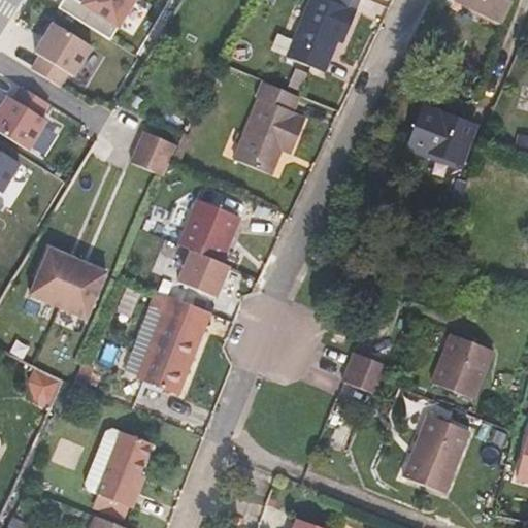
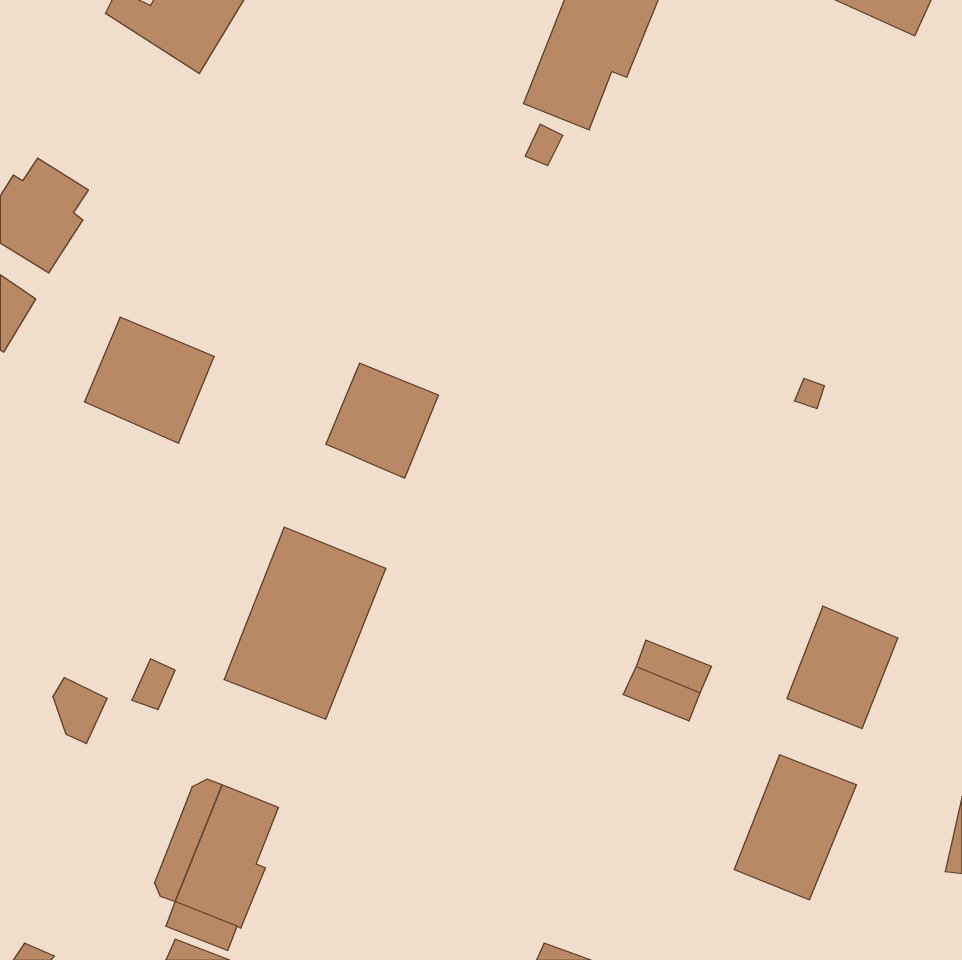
building: [31,23,91,87] -> none
building: [234,80,306,174] -> none
building: [407,105,475,164] -> none
building: [132,133,176,177] -> none
building: [34,249,105,318] -> [84,317,214,443]
building: [178,249,230,297] -> none

